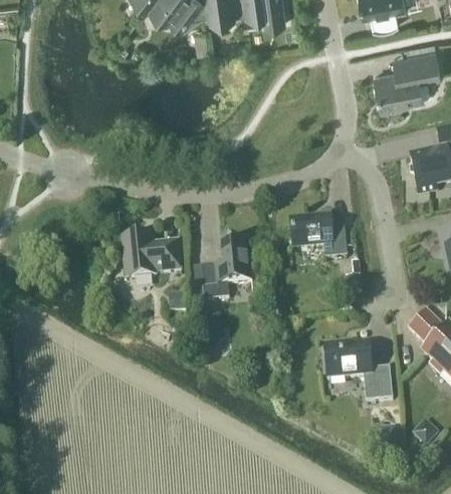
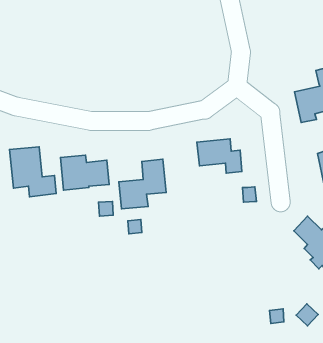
building: [376,49,441,112] -> none
building: none -> [10,147,56,197]
building: [324,341,394,401] -> none

